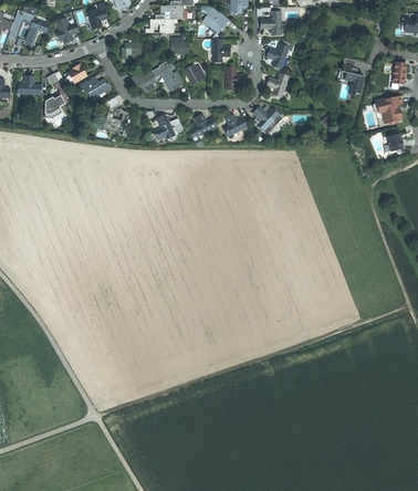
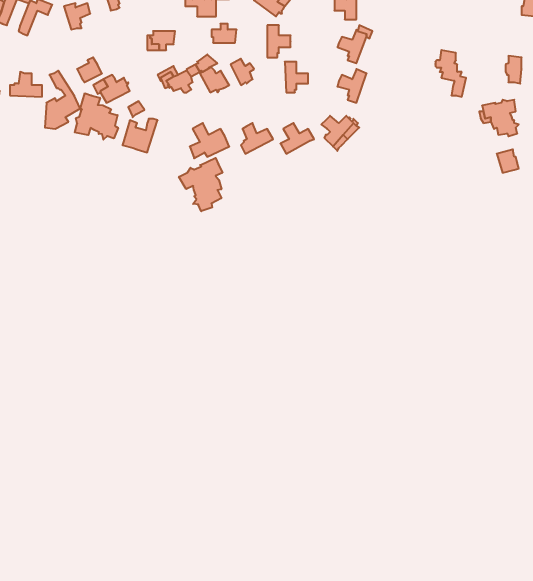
building: none -> [75,93,118,140]
building: none -> [179,158,222,211]

